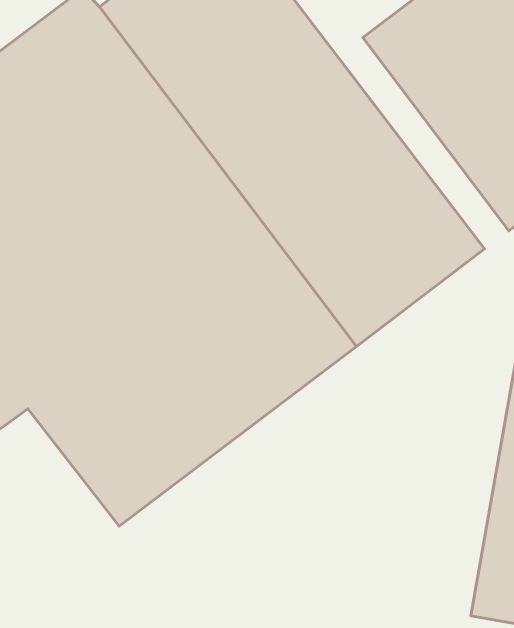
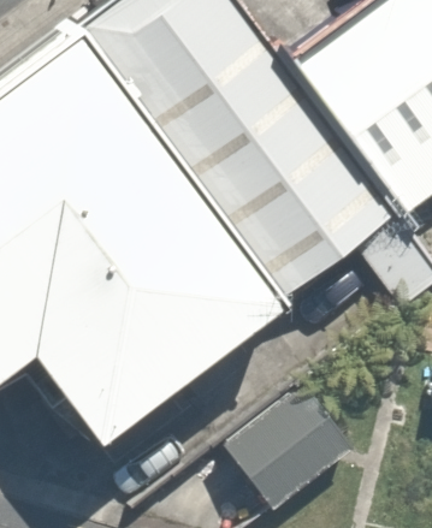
building: none -> [211,367,342,497]

